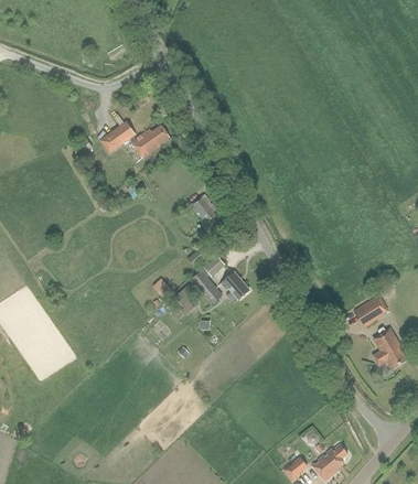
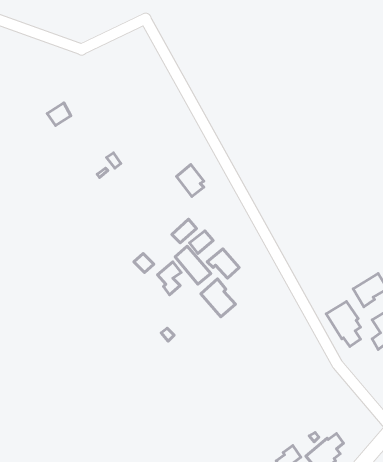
building: [100,122,170,159] -> none
building: none -> [201,279,236,317]
building: none -> [326,301,361,347]

